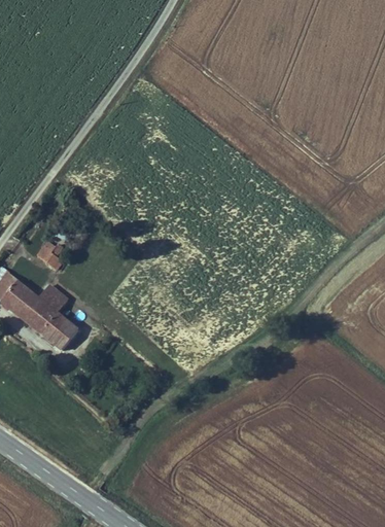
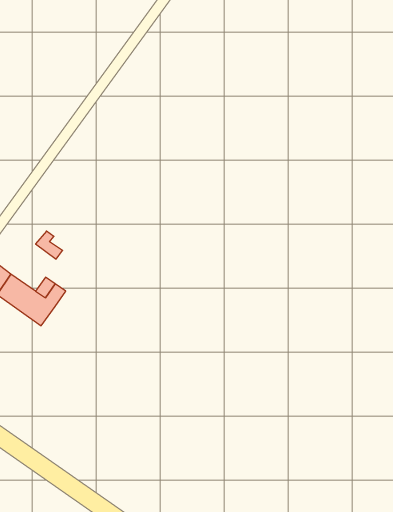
building: [41,312,79,348] -> none

